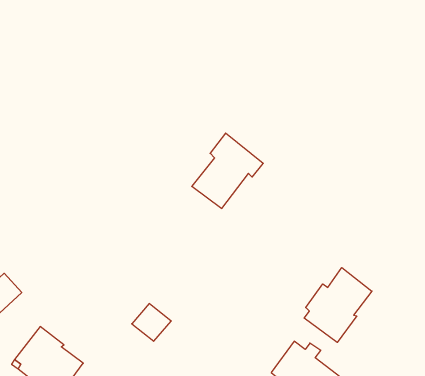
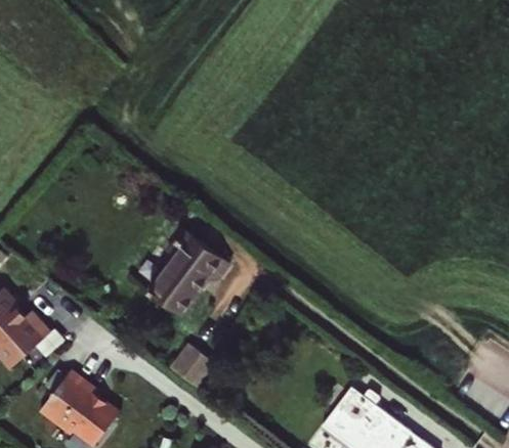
building: [192,133,263,208] -> [149,230,228,314]
building: [304,268,372,342] -> none

